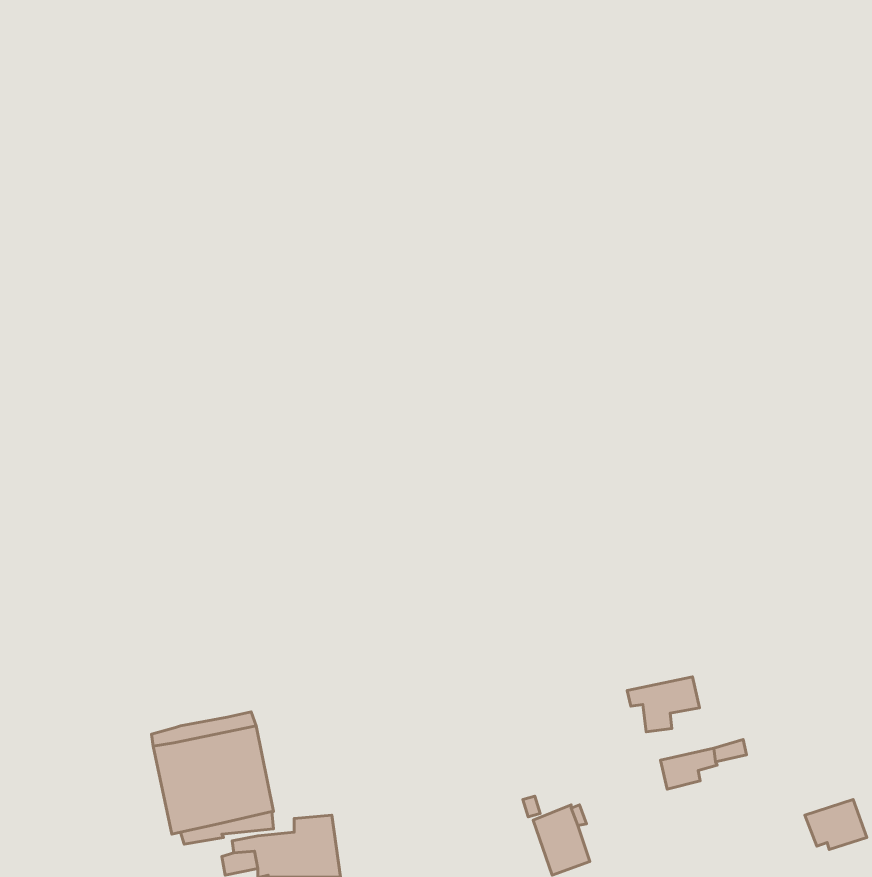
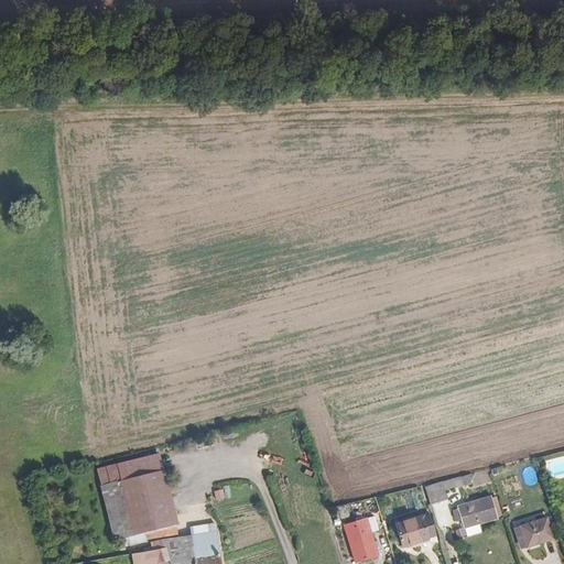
building: [627,677,699,732] -> [454,500,500,535]
building: none -> [393,508,435,543]

